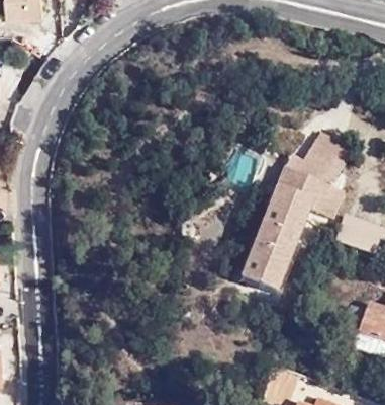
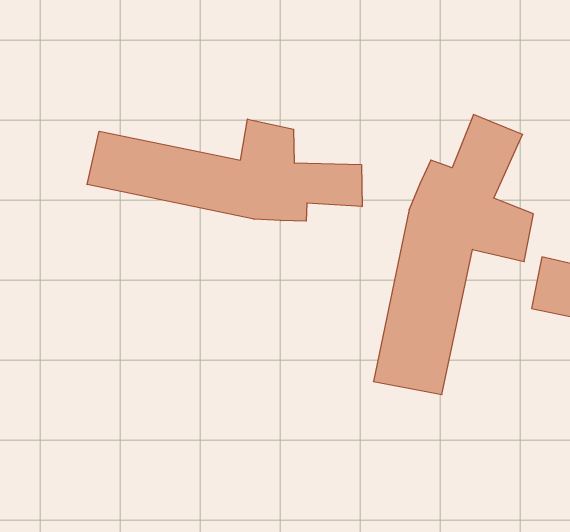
building: none -> [87,119,362,221]

